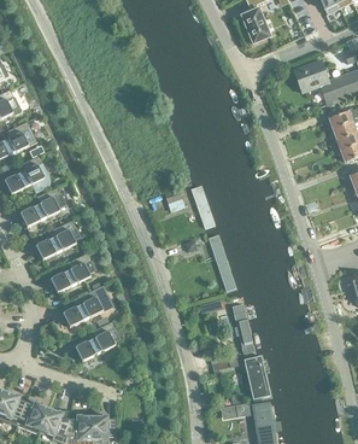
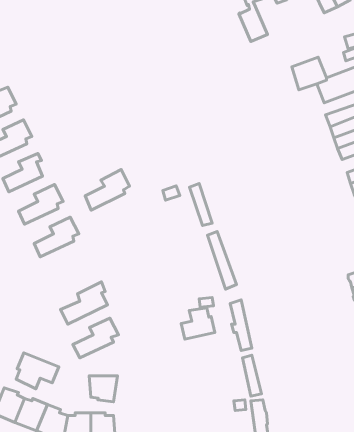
building: [51,252,95,293] -> [85,169,130,210]
building: none -> [181,308,215,339]
building: none -> [16,353,59,389]
building: none -> [89,376,118,402]

